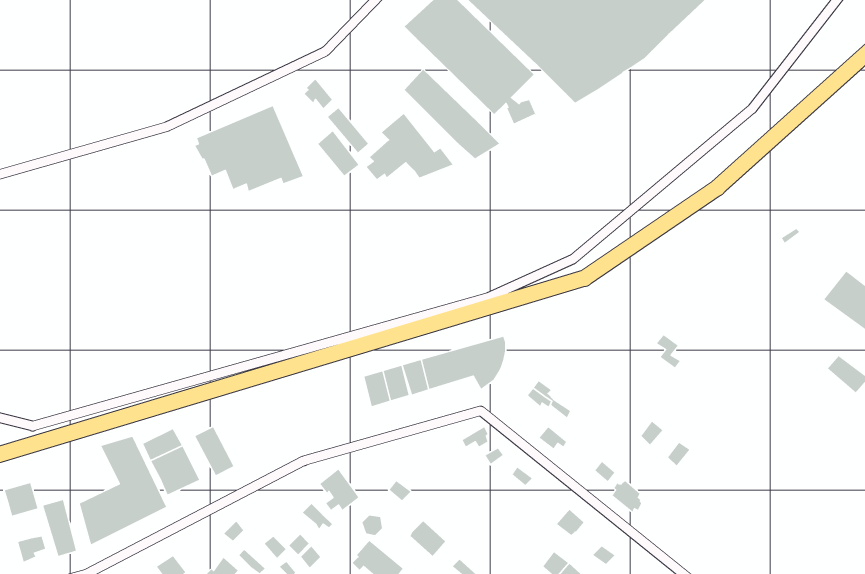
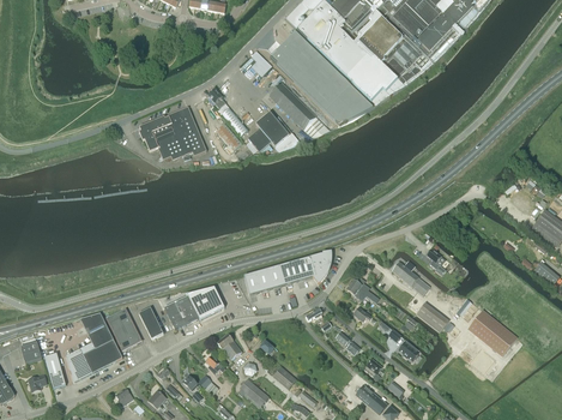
building: none -> [391,259,429,294]
building: none -> [163,286,223,328]
building: none -> [467,310,515,354]

